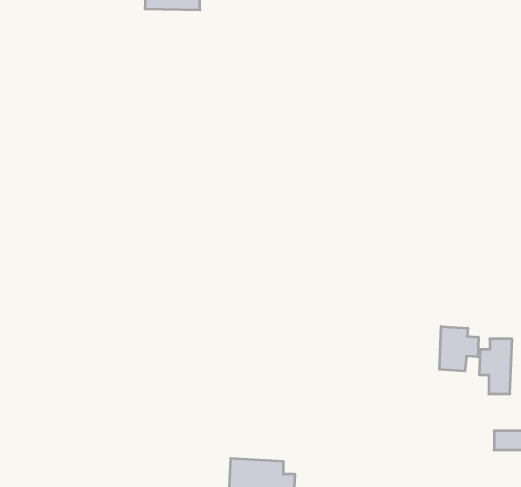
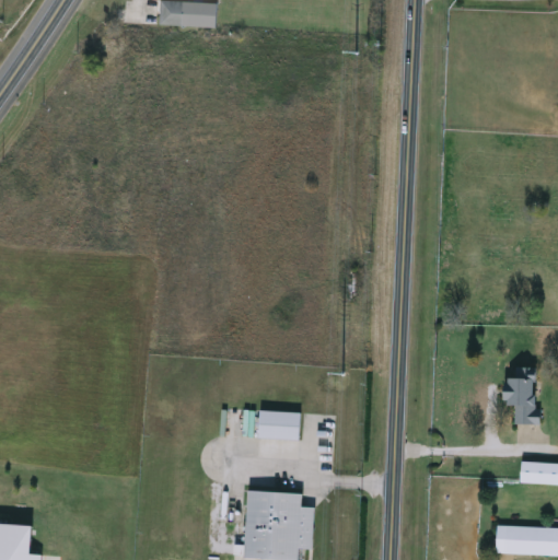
building: [439,326,478,371] -> none
building: none -> [257,411,300,440]

